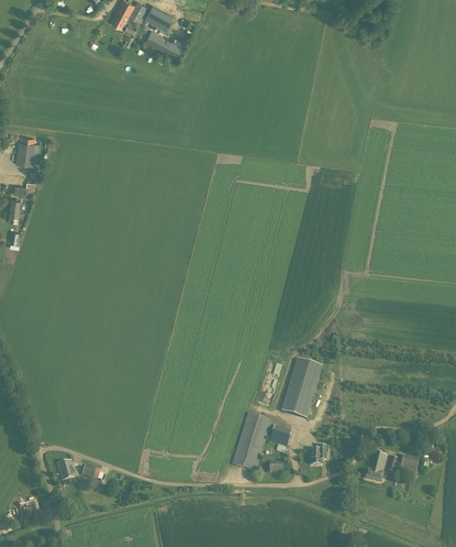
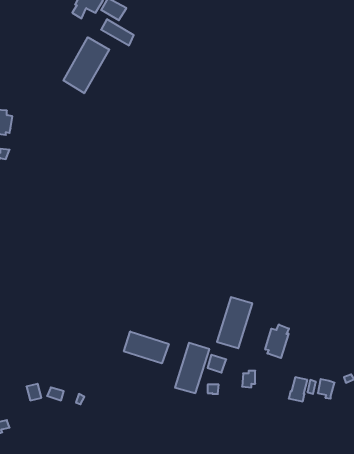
building: none -> [63,37,109,93]
building: none -> [265,324,289,358]
building: none -> [124,331,169,363]

